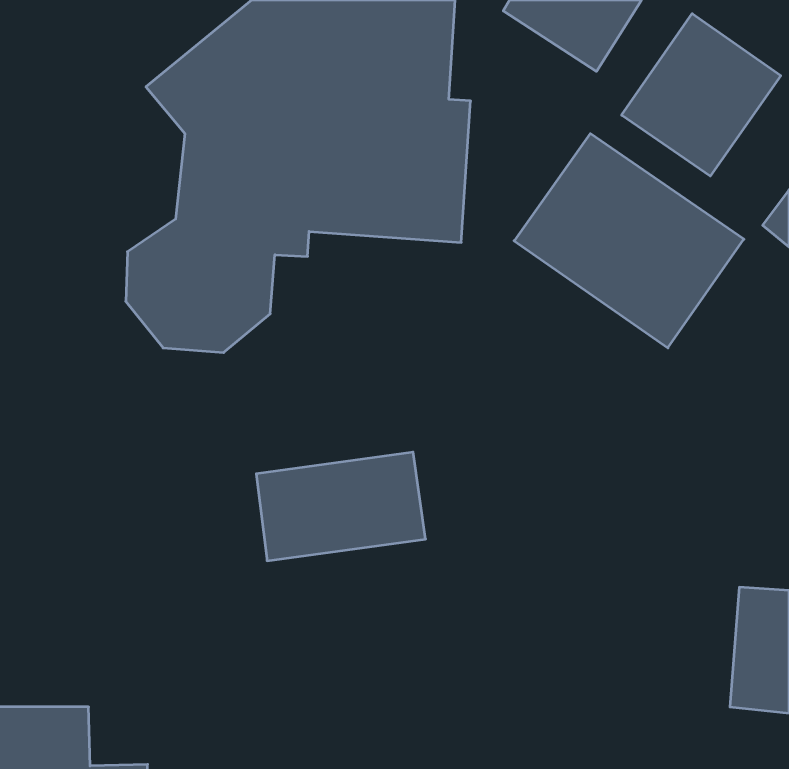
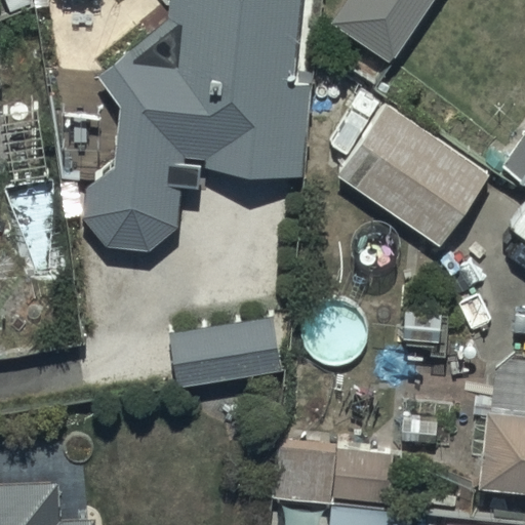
building: [622,14,781,176] -> none
building: none -> [272,439,394,507]

